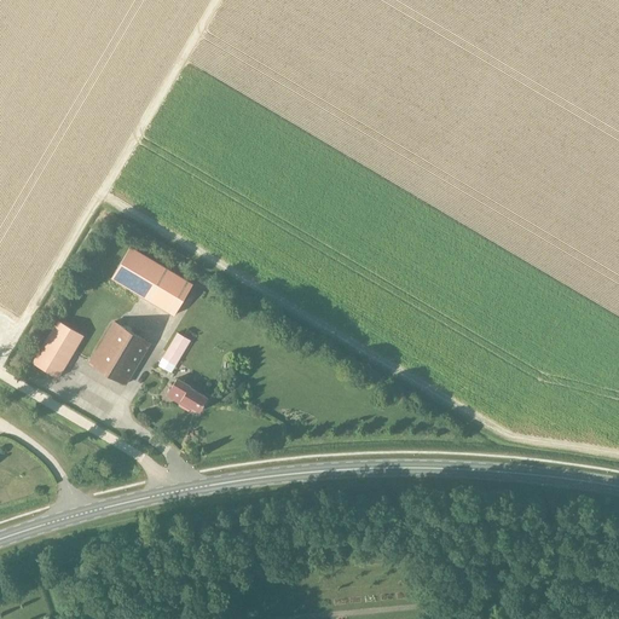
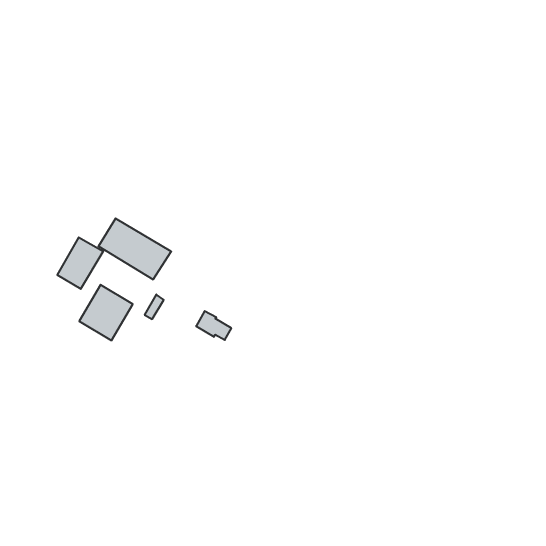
building: [33,320,85,378] -> [57,237,103,289]
building: [168,380,208,412] -> [196,311,231,340]

